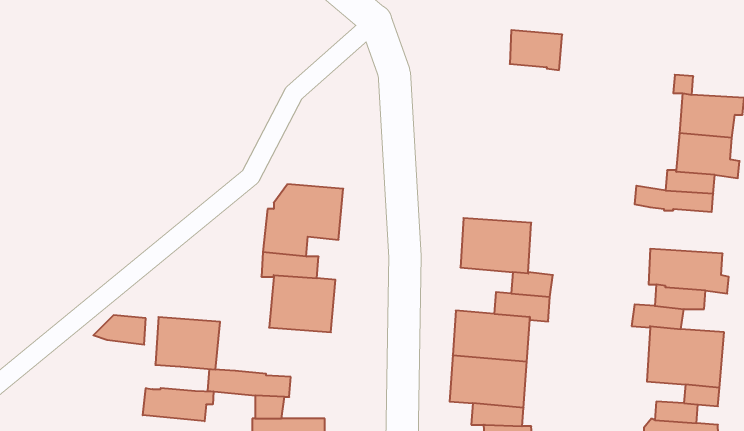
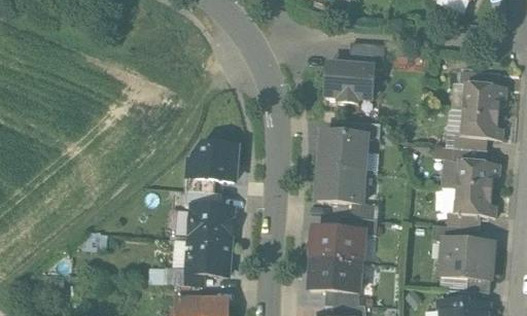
building: none -> [323,64,374,104]
building: none -> [318,120,379,172]
building: none -> [441,160,499,190]
building: [155,317,220,370] -> [186,240,230,275]
building: [143,388,214,421] -> none

